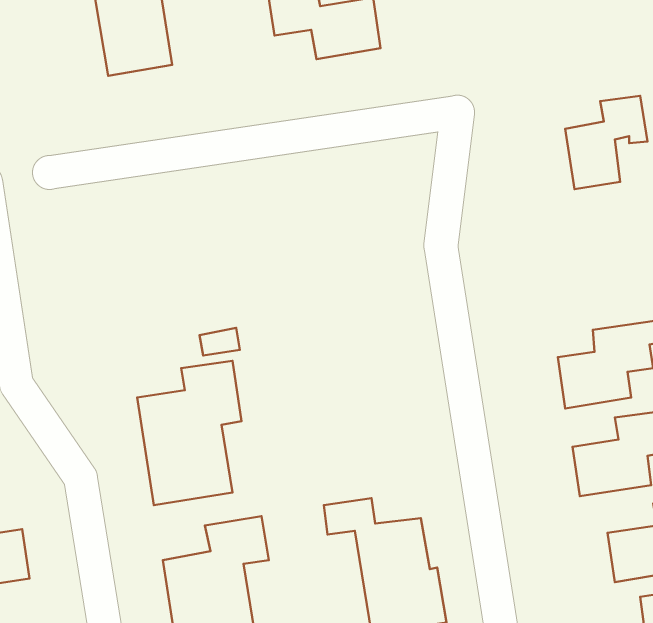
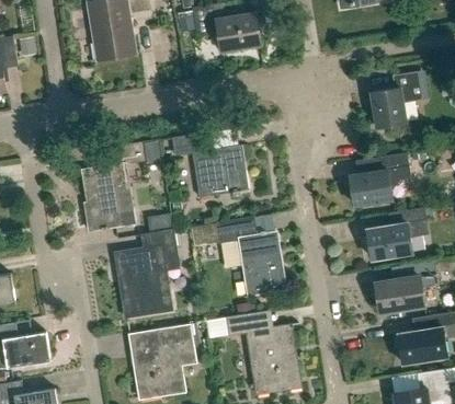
building: none -> [172,132,249,198]
building: none -> [82,142,145,231]
building: none -> [350,152,410,205]
building: none -> [216,218,285,295]

